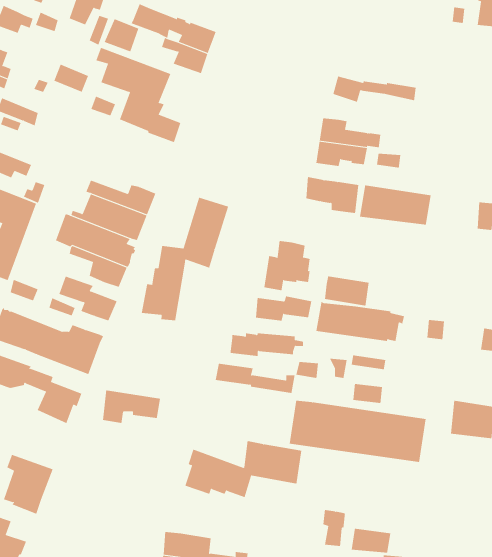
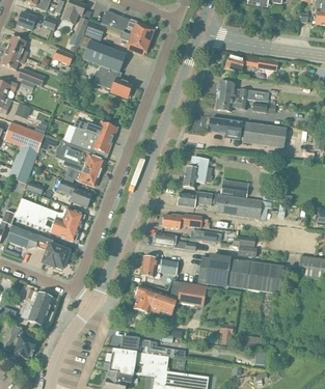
building: [141,197,229,321] -> none
building: [102,390,161,424] -> [141,256,178,277]

